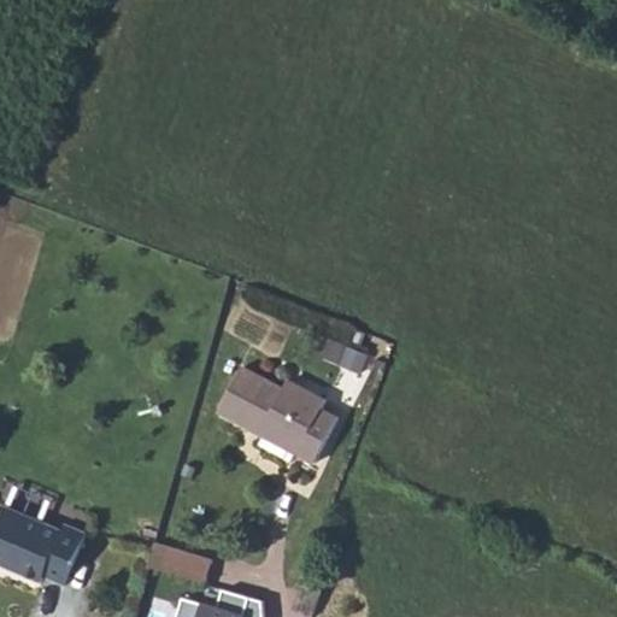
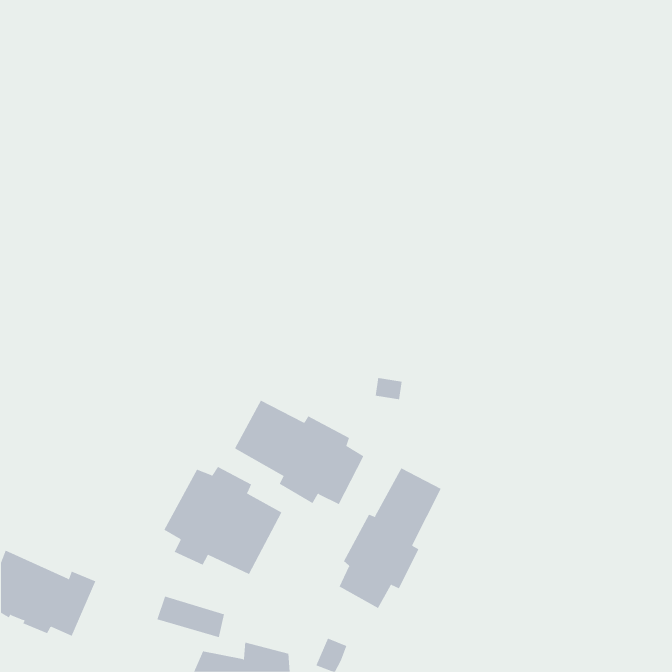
building: none -> [164,466,282,575]
building: none -> [339,468,442,609]

